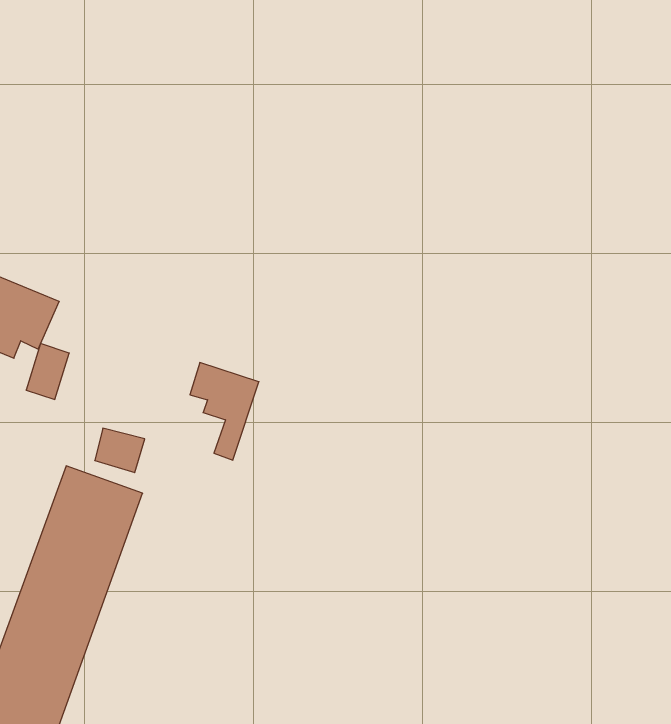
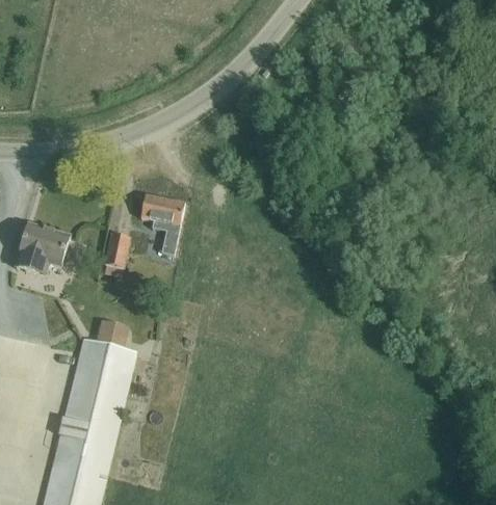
building: [26,344,69,399] -> [106,232,131,266]
building: [190,363,259,460] -> [142,194,185,254]

